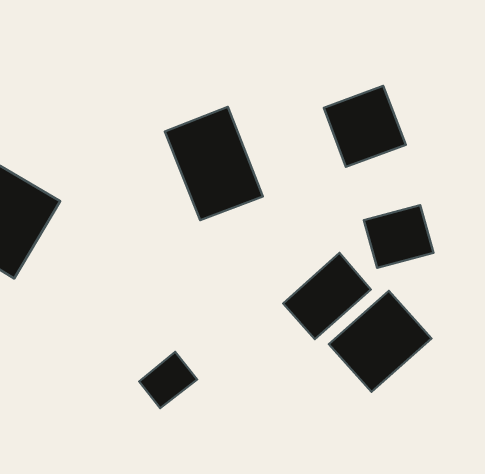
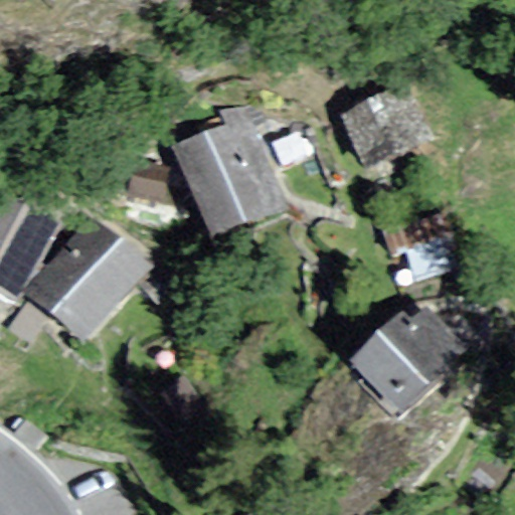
building: none -> [34,229,146,341]
building: [283,253,371,339] -> none

